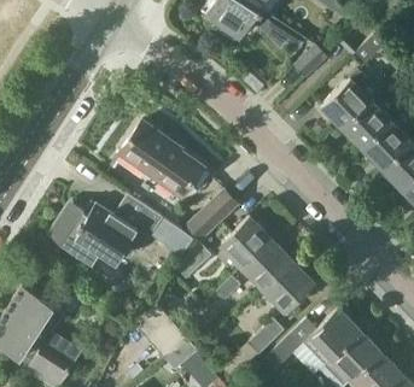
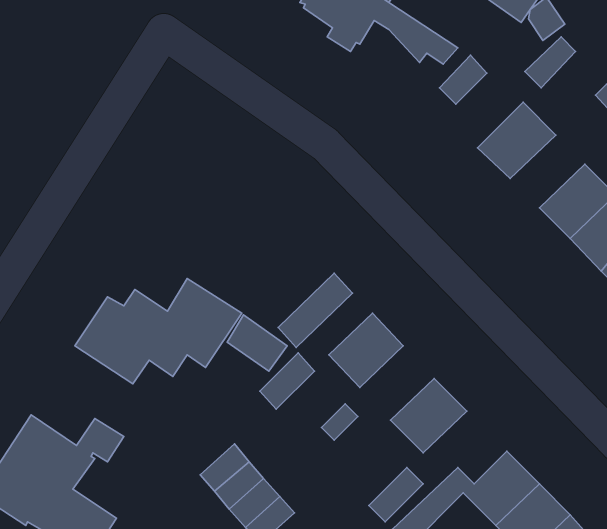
building: [342,99,391,147] -> none
building: [119,122,204,198] -> none
building: [241,239,291,288] -> none

